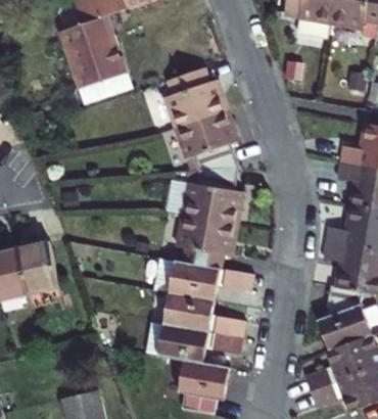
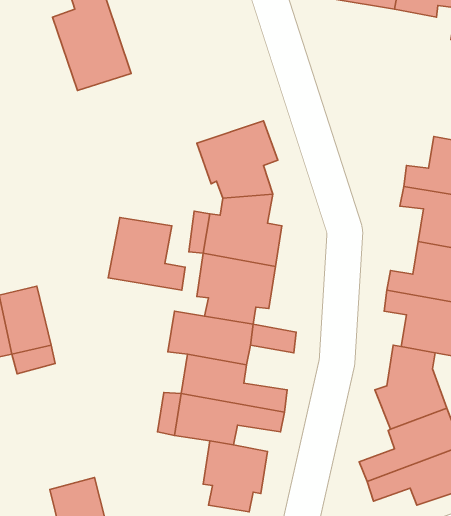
building: [166,67,229,128] -> none
building: none -> [108,217,185,290]

